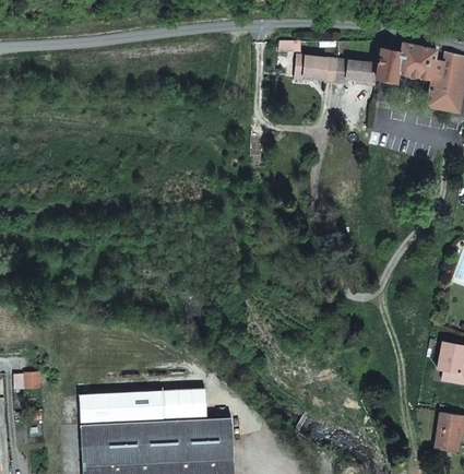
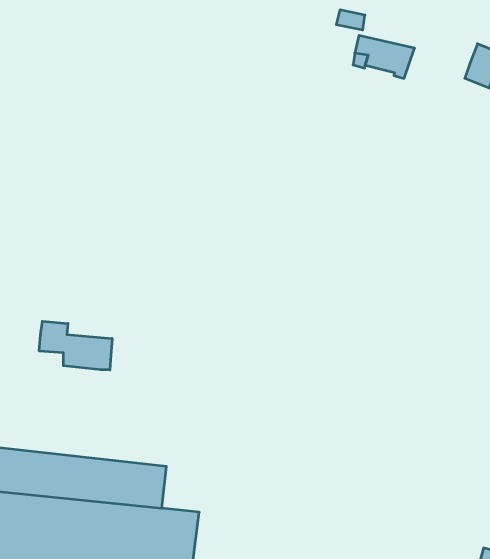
building: [333,60,379,85] -> none
building: none -> [39,321,112,370]

